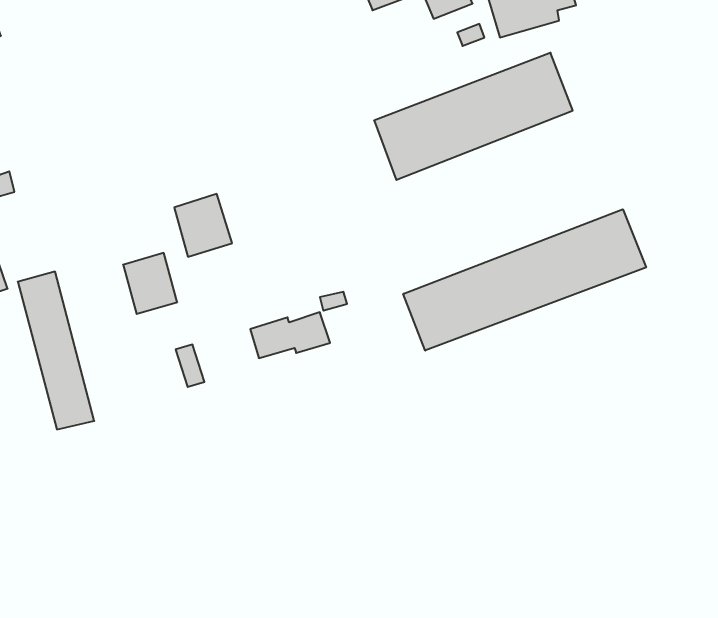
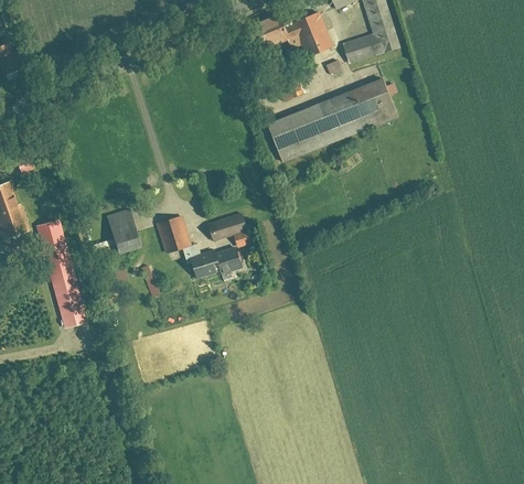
building: [174,194,232,257] -> [154,213,192,254]
building: [403,209,646,351] -> none
building: none -> [207,214,247,237]

